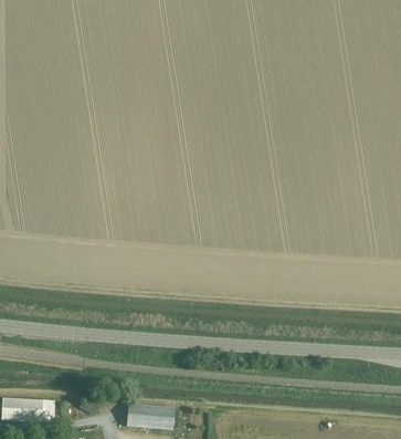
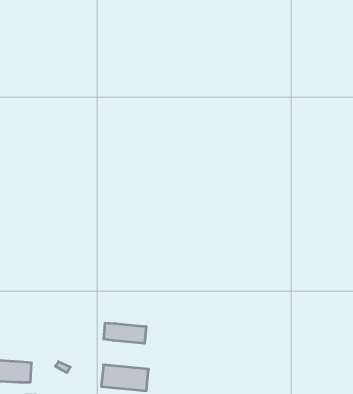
building: none -> [104,323,146,343]

